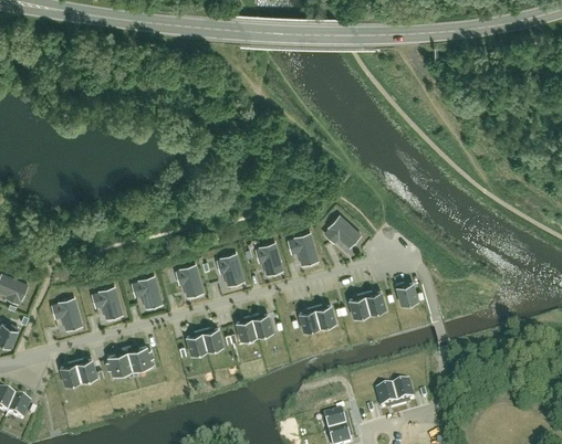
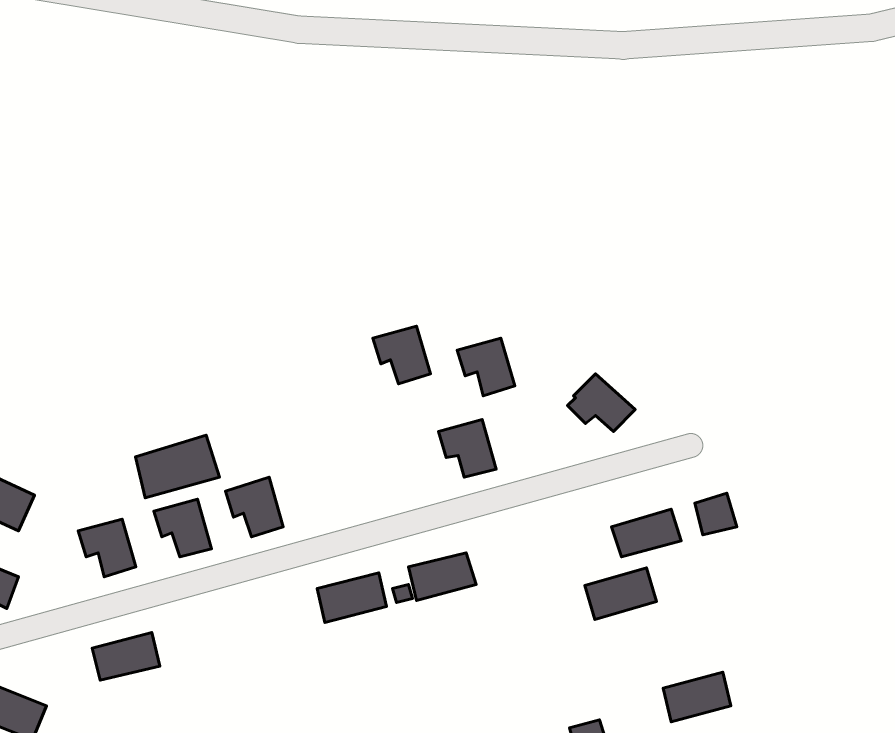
building: [287,234,319,266] -> [457,338,515,396]
building: none -> [135,435,219,498]
building: [211,256,243,288] -> [373,326,430,384]
building: [173,266,205,298] -> none
building: [298,307,337,336] -> [585,568,656,619]
building: [106,348,152,379] -> none

